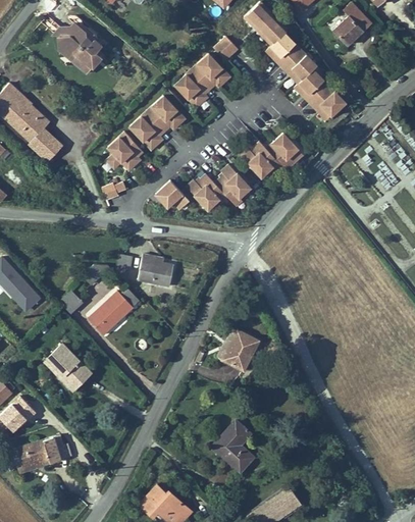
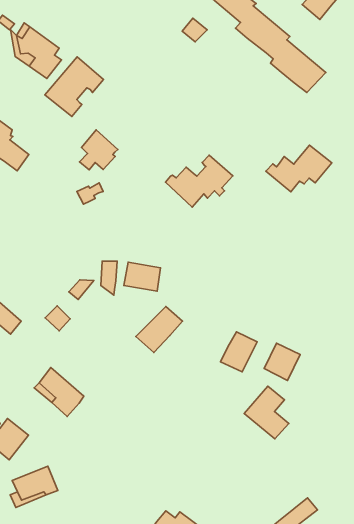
building: [176,52,229,105] -> none
building: [129,93,186,148] -> [45,57,103,116]
building: [242,133,304,174] -> [266,145,332,192]
building: [154,179,188,208] -> none
building: [90,294,135,335] -> [136,306,183,352]
building: none -> [264,343,300,381]
building: [215,423,256,473] -> [244,386,289,439]

